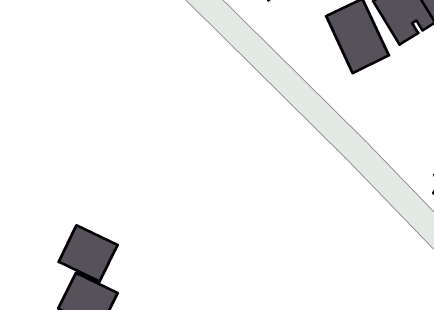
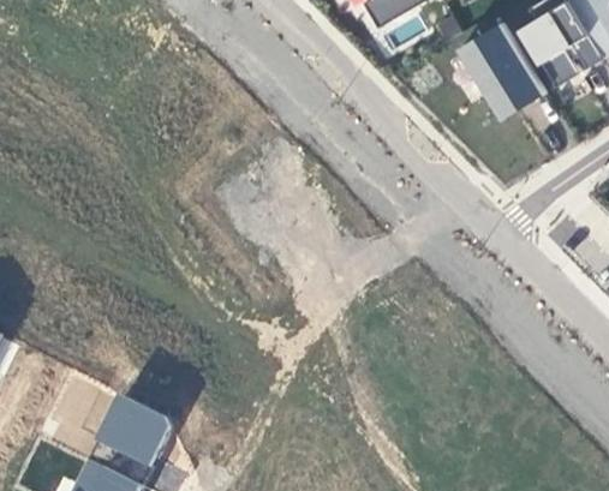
building: [59,225,118,282] -> none

